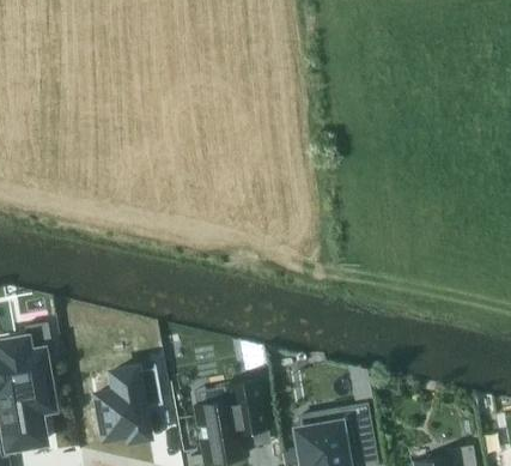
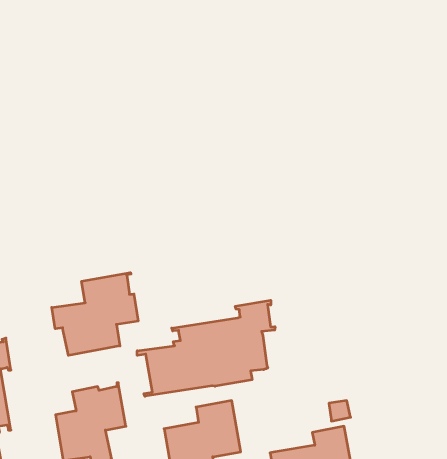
building: none -> [52,273,138,355]
building: none -> [137,300,275,396]

